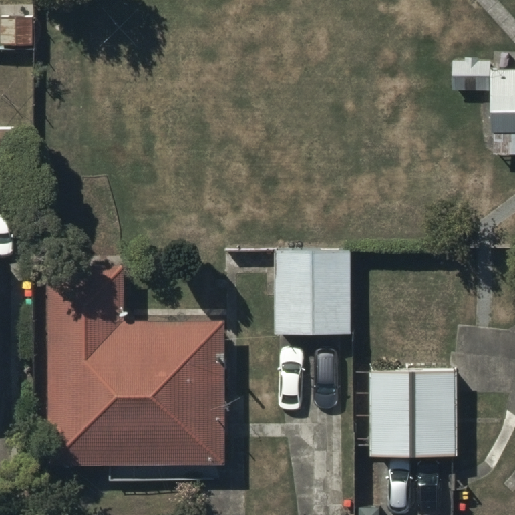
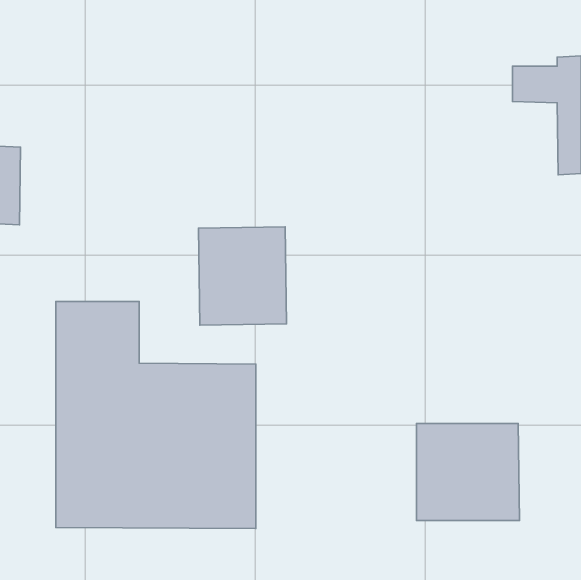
building: [273,249,350,336] -> [199,227,286,325]

